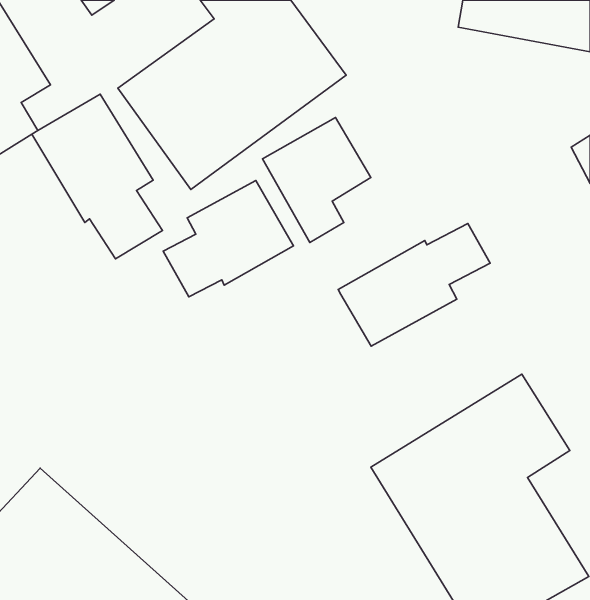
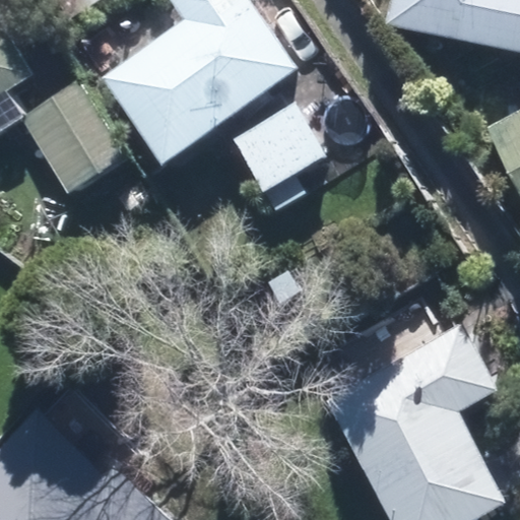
building: [163,180,293,297] -> none
building: [338,223,490,346] -> none

